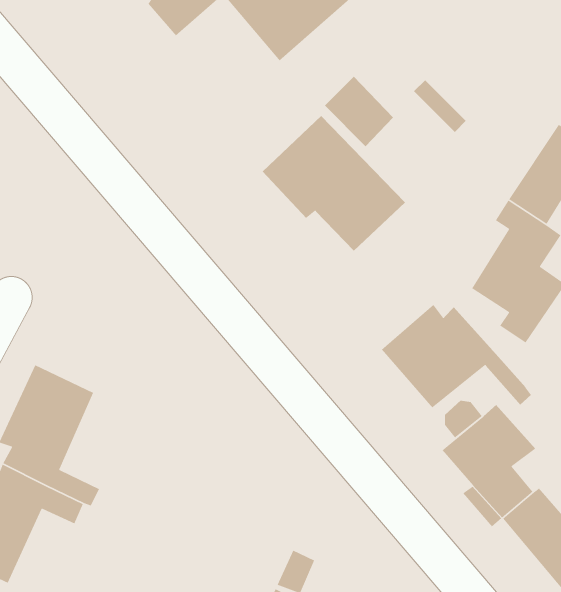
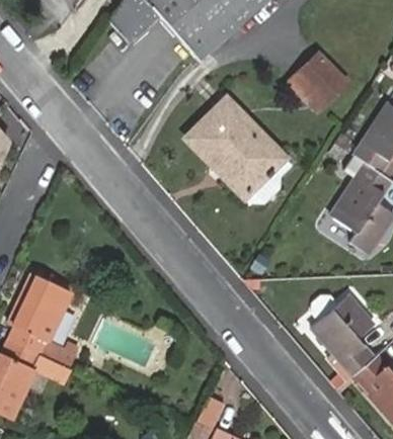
building: [324,76,394,147] -> [299,55,346,103]
building: [381,304,532,409] -> none

